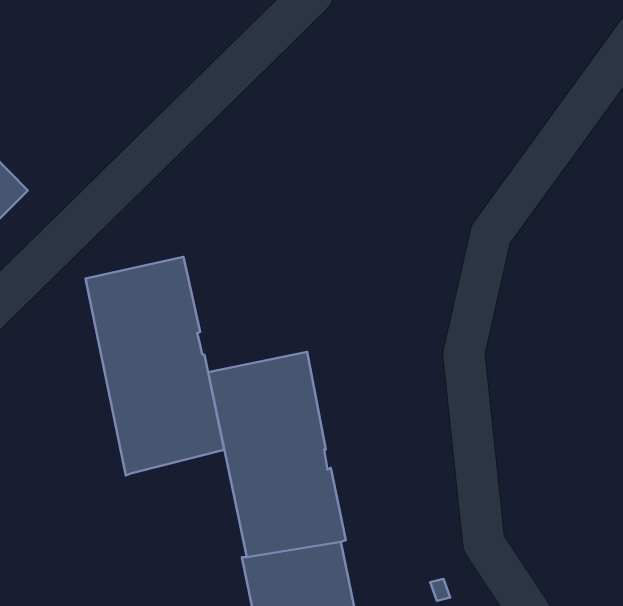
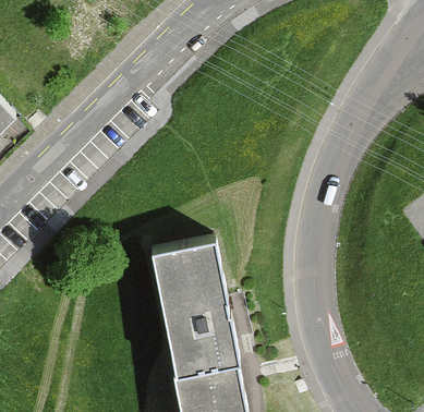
building: [85,257,224,476] -> none

